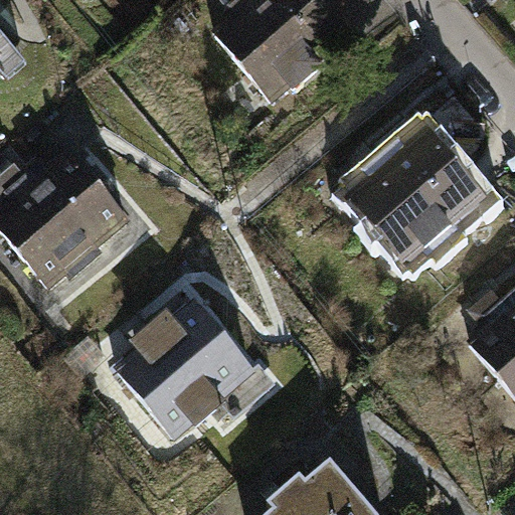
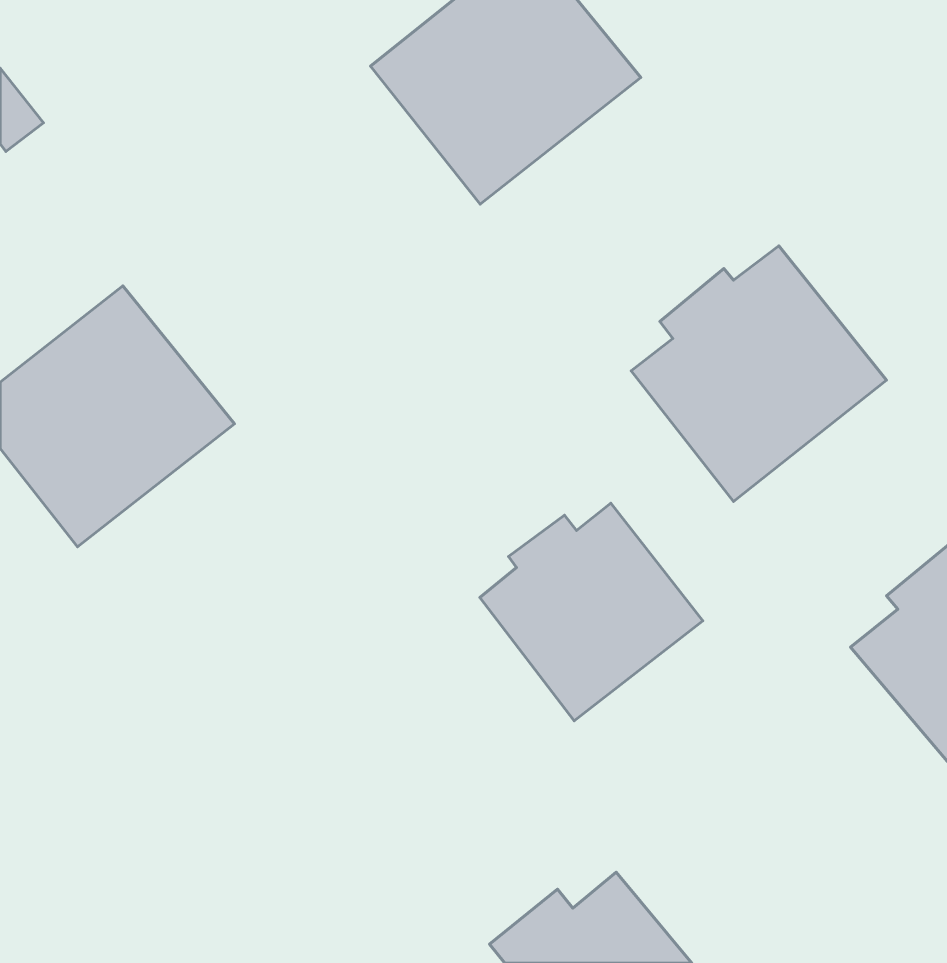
building: none -> [480,503,703,721]
building: [119,304,266,448] -> none

